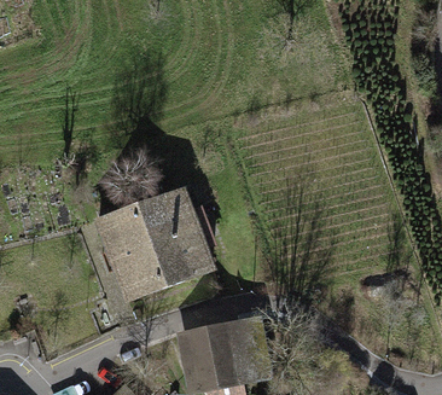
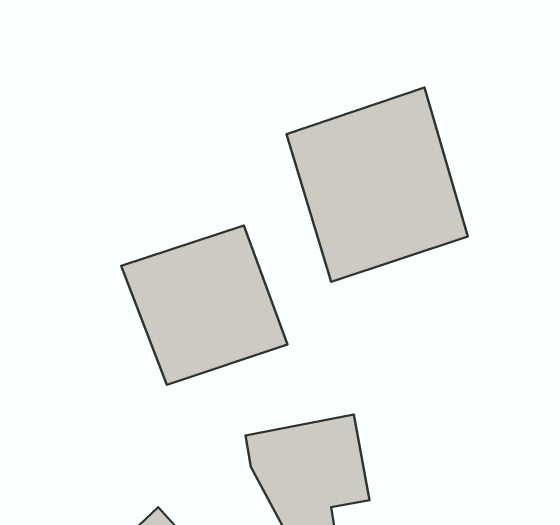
building: none -> [287,87,468,282]

